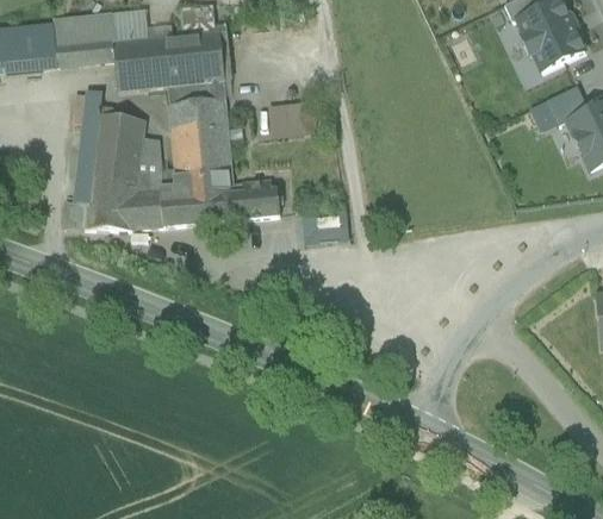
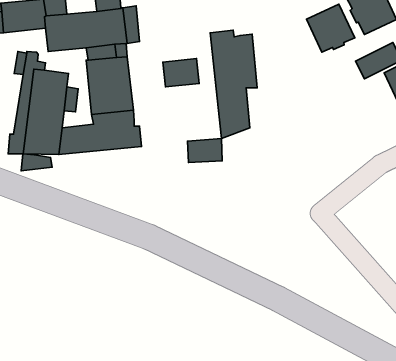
building: none -> [307,4,355,52]
building: none -> [210,30,257,139]
building: [136,170,178,193] -> [21,154,52,171]
building: [232,177,279,218] -> none

